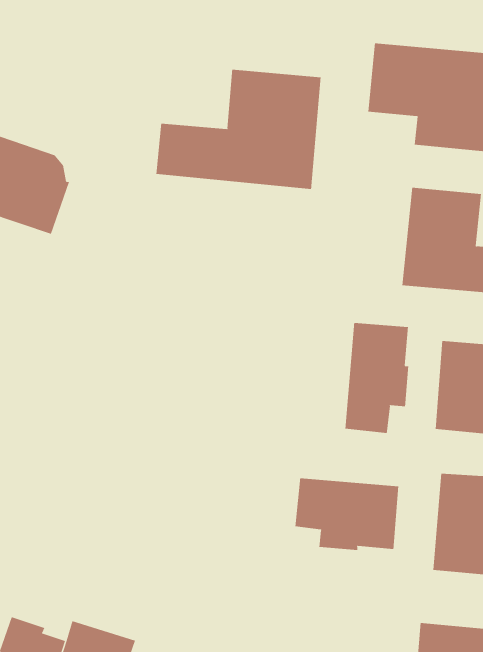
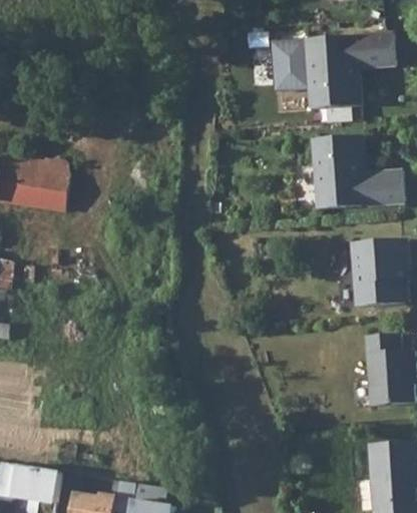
building: [156,69,321,190] -> none
building: [345,322,409,434] -> none
building: [295,478,399,551] -> none

